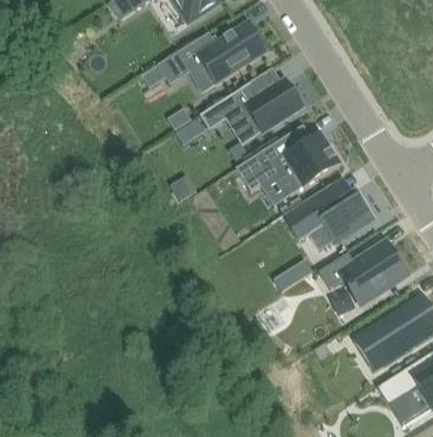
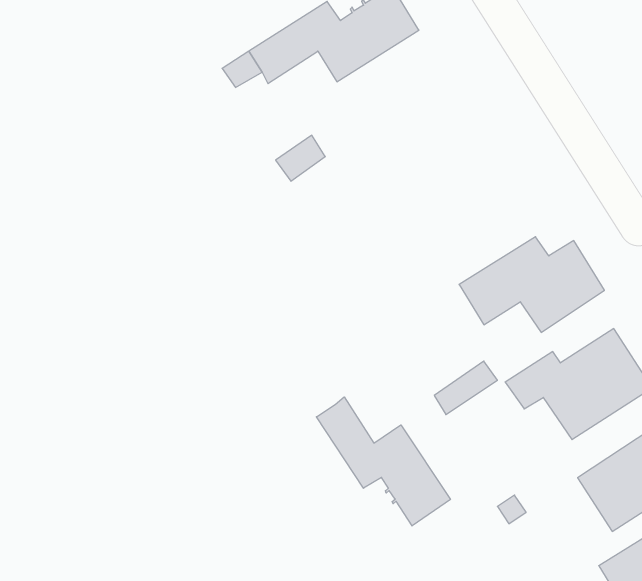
building: [199,80,301,136] -> none
building: [237,124,340,195] -> none
building: none -> [316,397,450,526]

